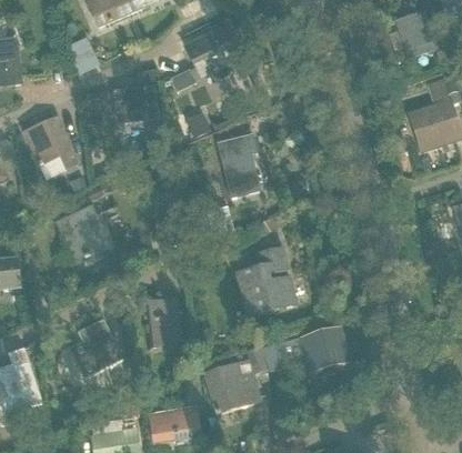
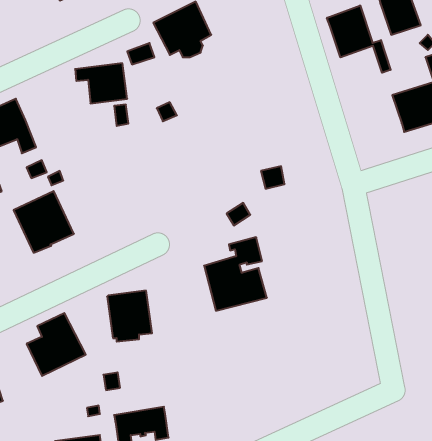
building: none -> [327,5,391,73]
building: [217,127,261,197] -> none
building: [281,326,349,371] -> none
building: [204,348,263,412] -> none

